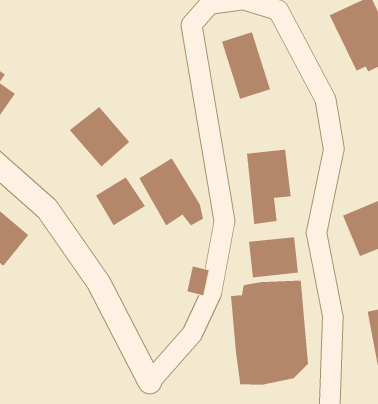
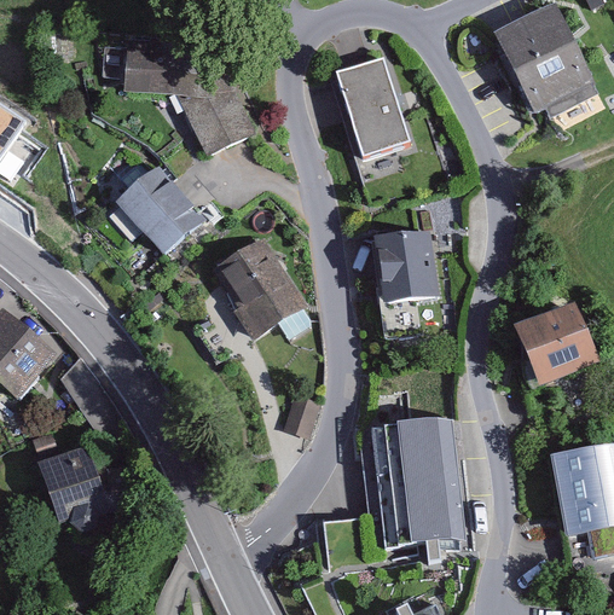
building: none -> [123,43,255,159]
building: [95,176,146,226] -> none
building: [249,236,298,278] -> none
building: none -> [36,443,131,529]

